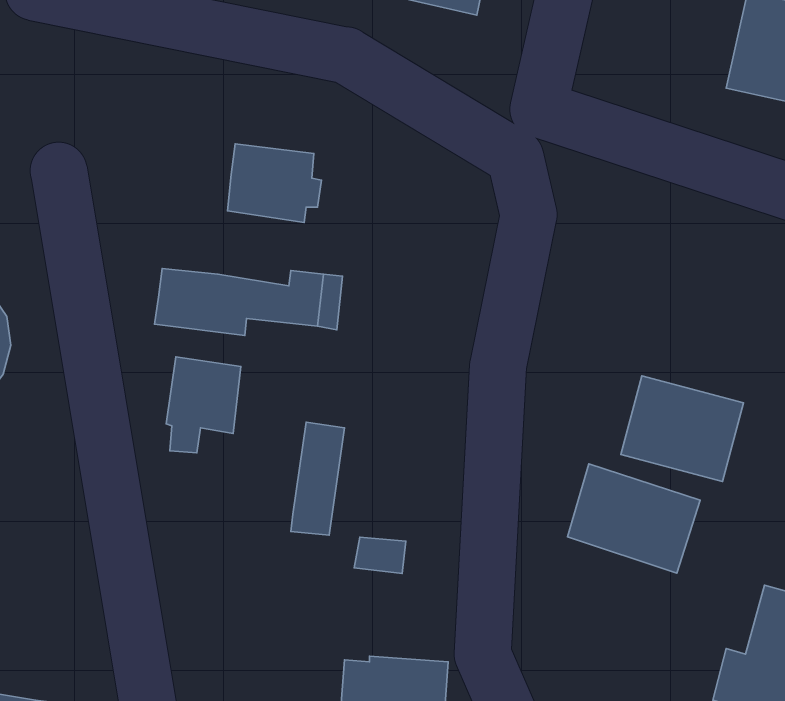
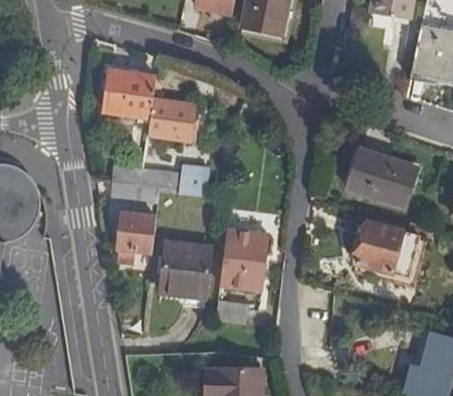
building: none -> [106,68,158,116]
building: none -> [219,229,265,289]
building: none -> [160,241,191,293]
building: [568,464,700,573] -> [346,149,415,206]

